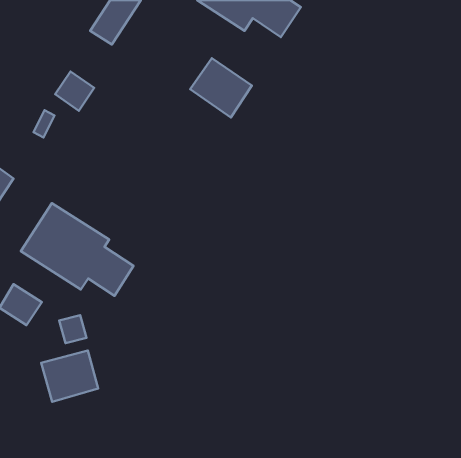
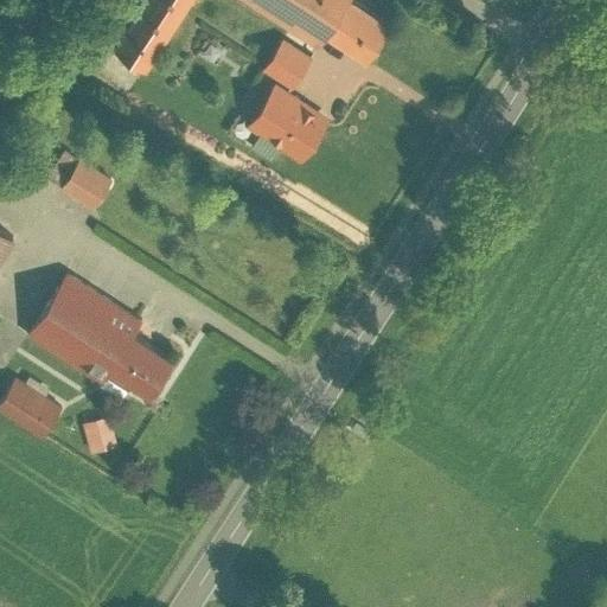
building: none -> [264,40,314,90]
building: [55,72,94,111] -> [63,160,114,211]
building: [41,350,98,402] -> none

